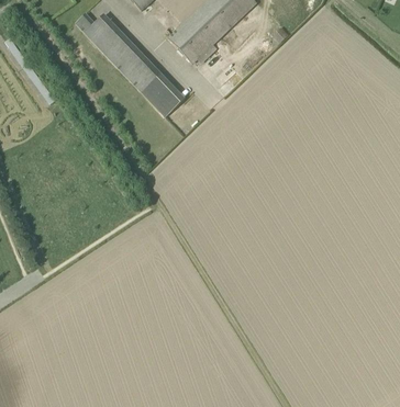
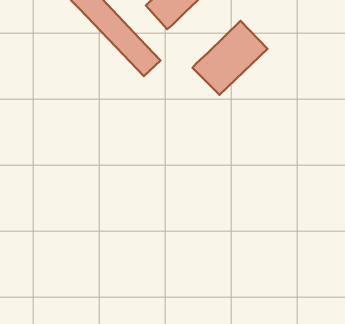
building: none -> [193,21,267,95]

